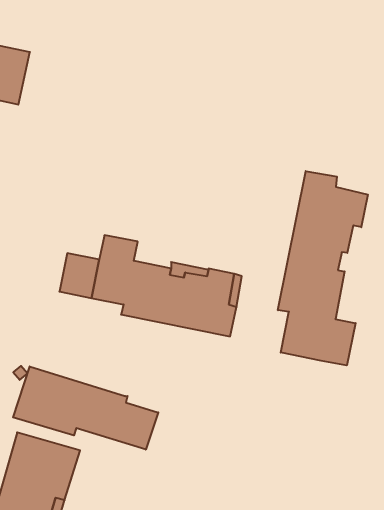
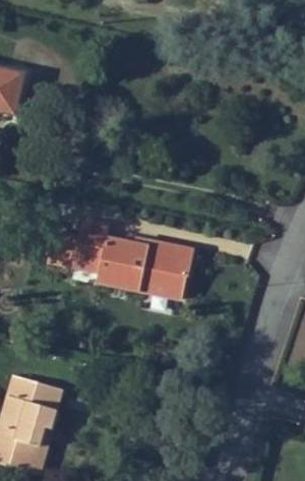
building: [278,171,368,365] -> none
building: [13,366,158,450] -> none

